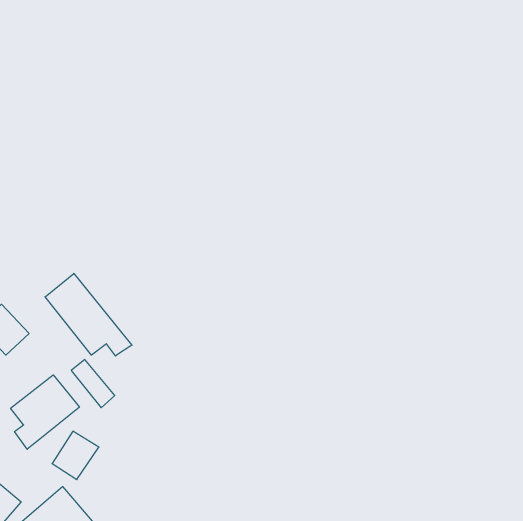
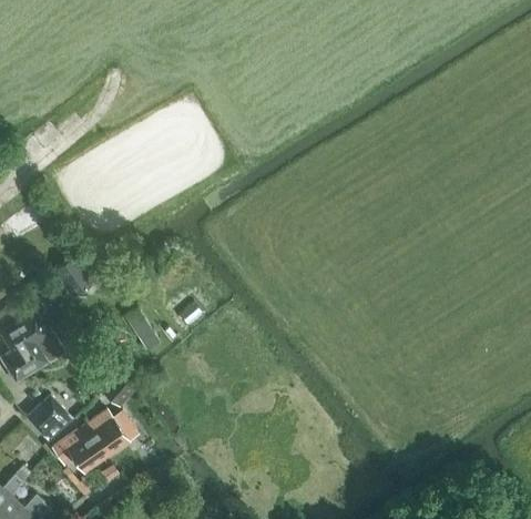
building: [45,273,132,356] -> none
building: [11,375,79,449] -> none

